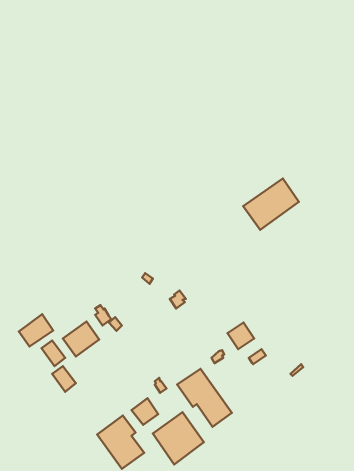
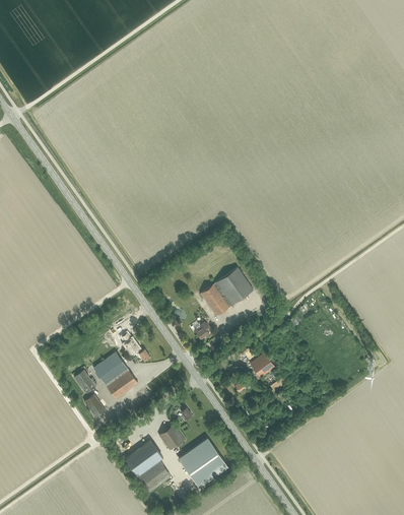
building: [243,178,299,230] -> [200,267,253,316]
building: [19,314,53,346] -> [106,369,138,399]
building: [177,369,232,427] -> none

